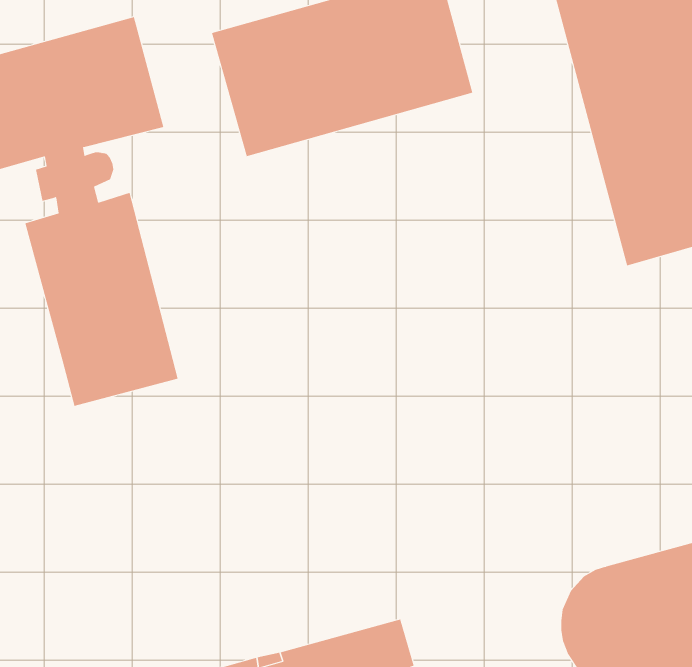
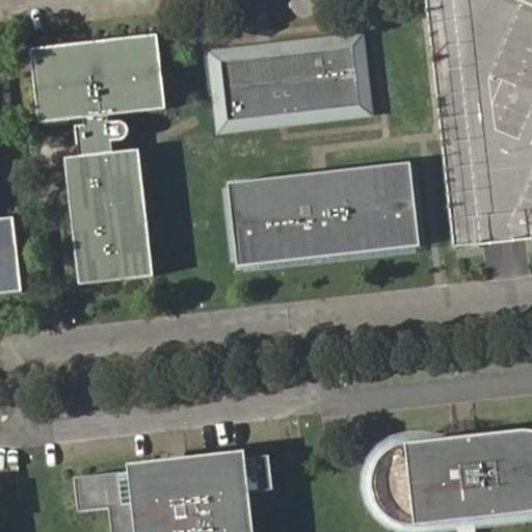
building: none -> [230,162,419,266]

